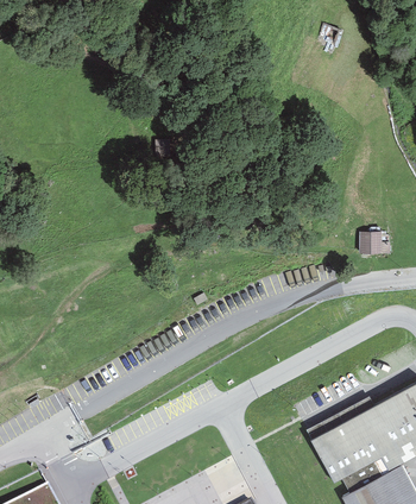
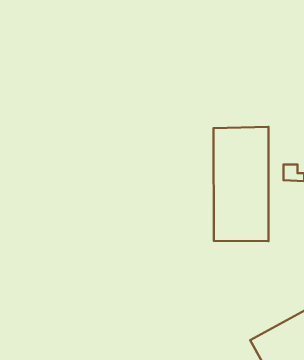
building: none -> [213,127,269,241]

